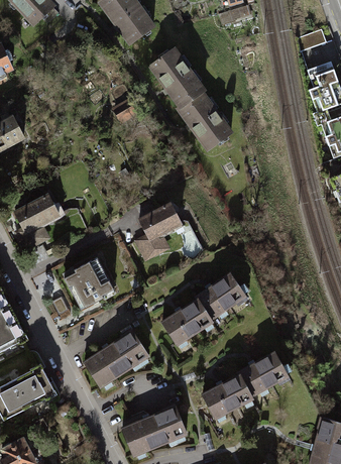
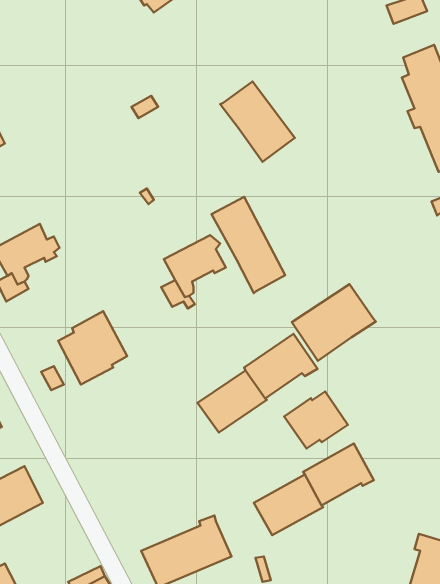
building: [151,48,204,107] -> none
building: none -> [212,197,285,293]
building: none -> [292,284,376,361]
building: none -> [284,392,348,448]
building: [85,328,148,385] -> none

